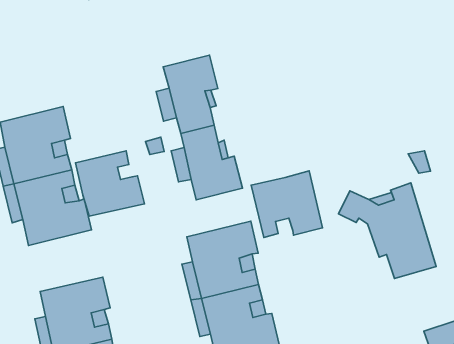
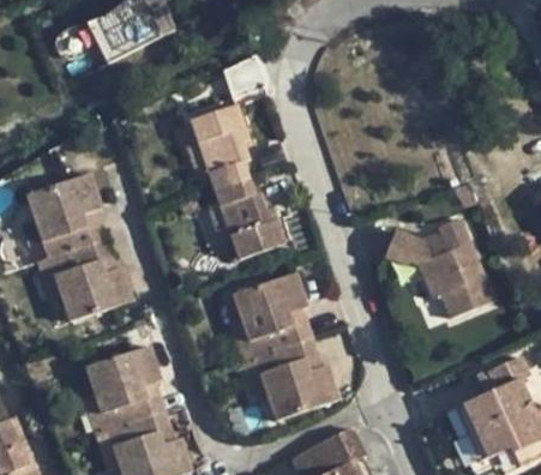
building: none -> [222,55,264,98]
building: [75,151,144,216] -> none
building: [251,171,323,238] -> none

